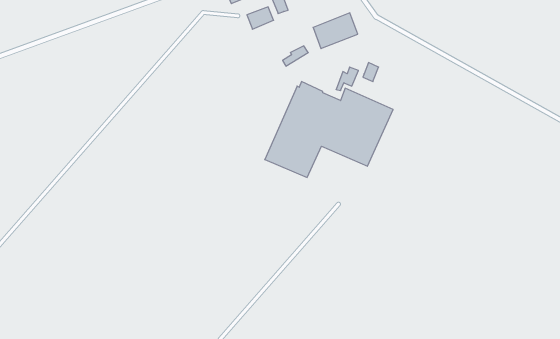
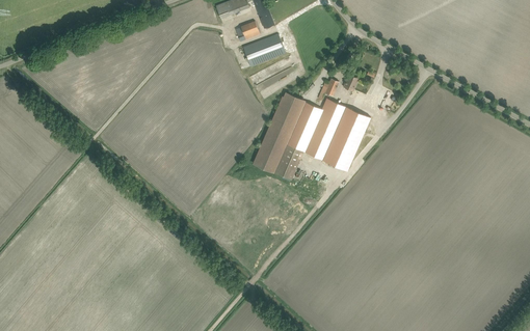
building: [313,13,358,49] -> [243,33,285,66]

